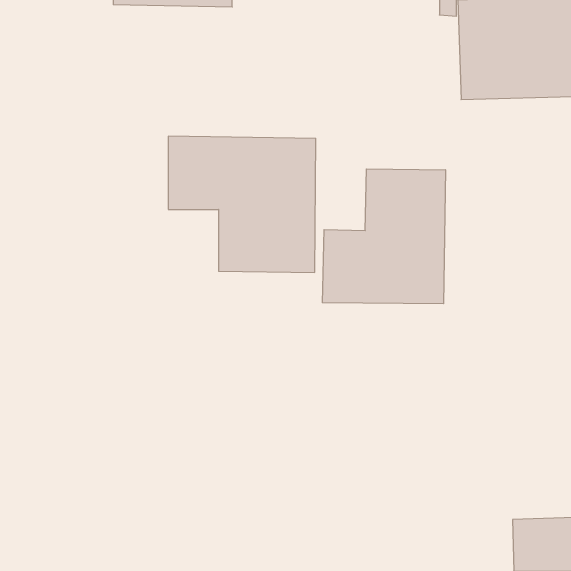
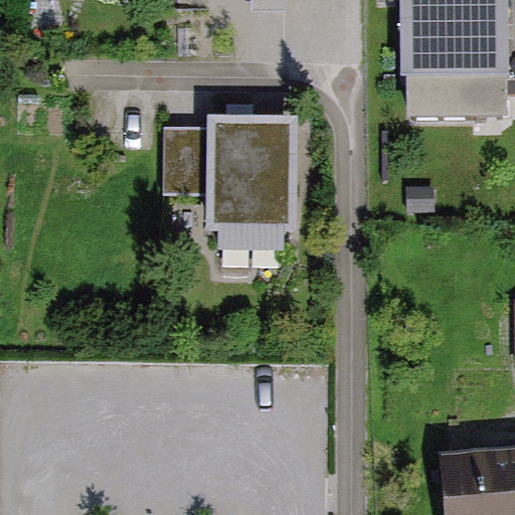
building: [322,169,445,304] -> none

